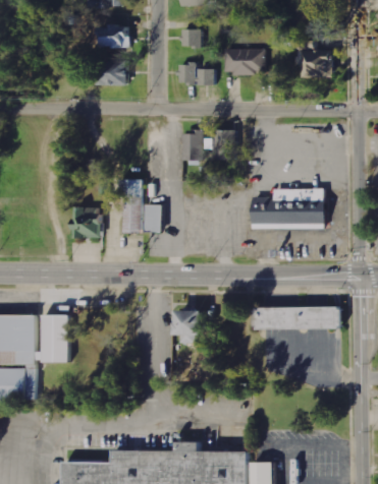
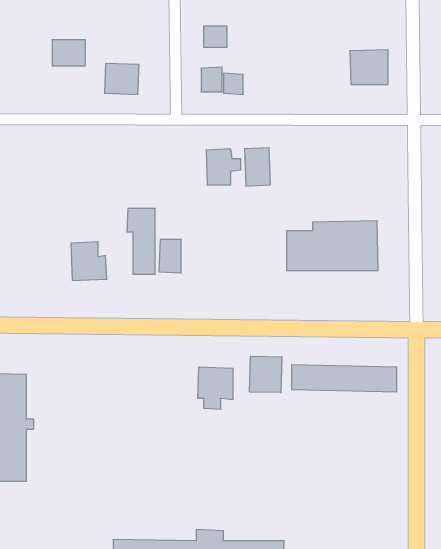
building: [100,25,127,47] -> [52,40,85,66]
building: [224,48,263,74] -> none
building: none -> [250,356,282,393]
building: [43,314,70,362] -> none

